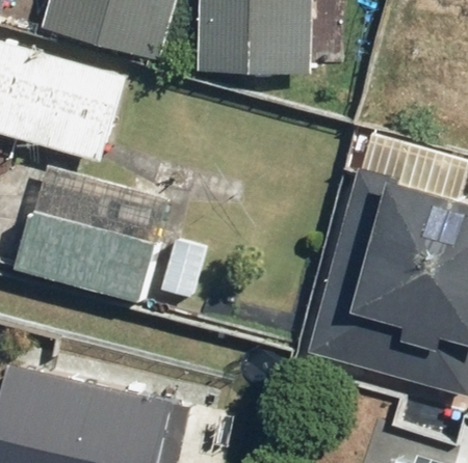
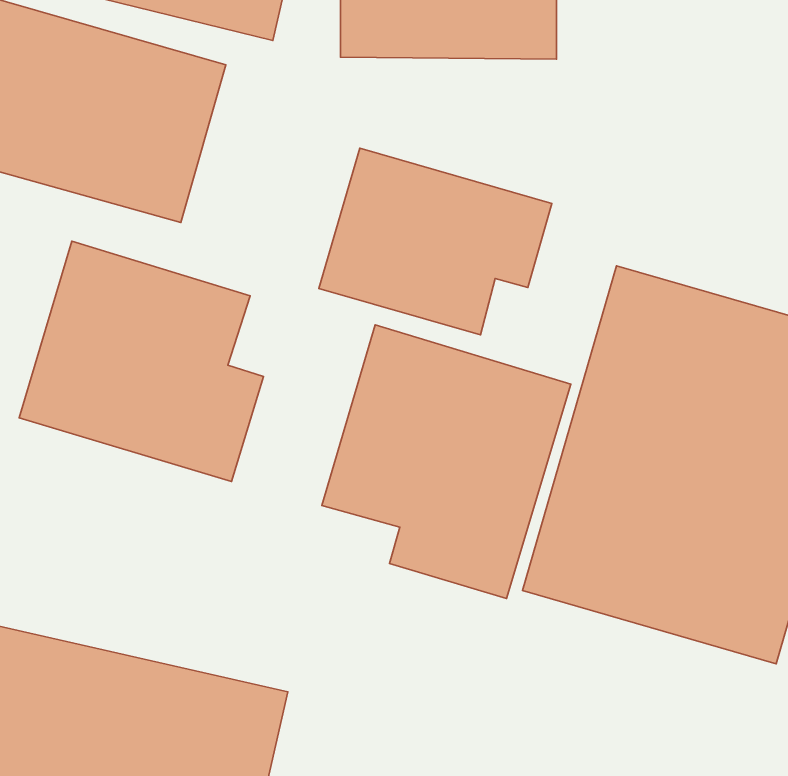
building: none -> [319,148,552,335]
building: none -> [322,325,571,598]

